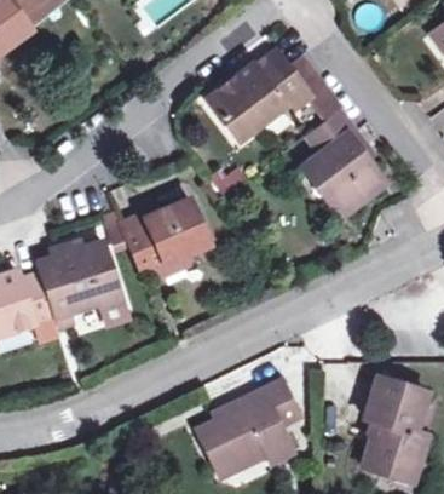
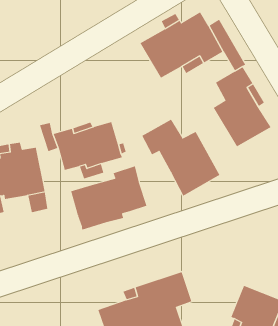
building: none -> [142,119,220,196]
building: none -> [70,166,147,231]

